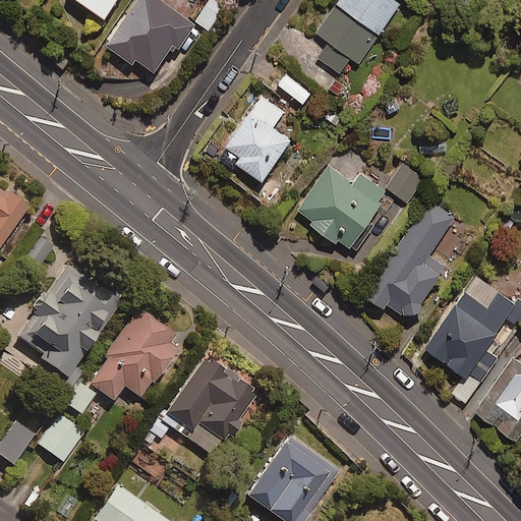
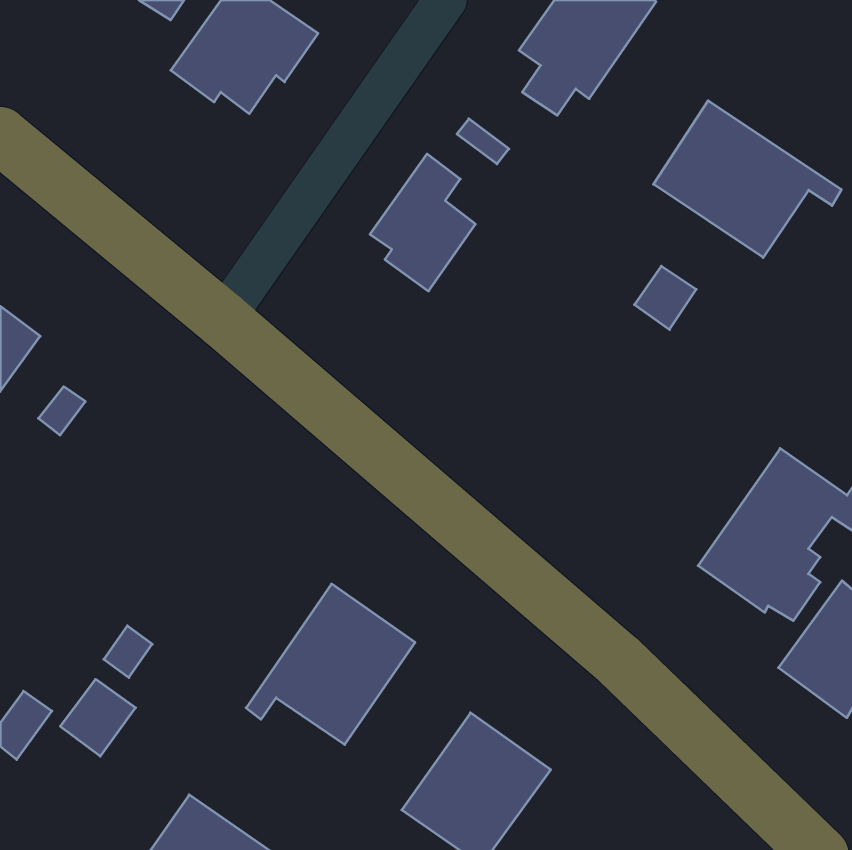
building: none -> [653,101,841,258]
building: [297,166,389,249] -> none
building: [366,200,455,319] -> none
building: [17,256,120,377] -> none
building: [85,309,177,401] -> none

